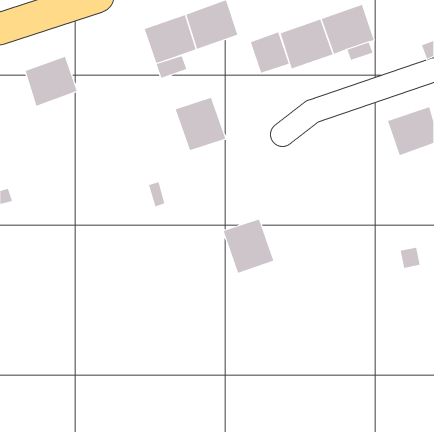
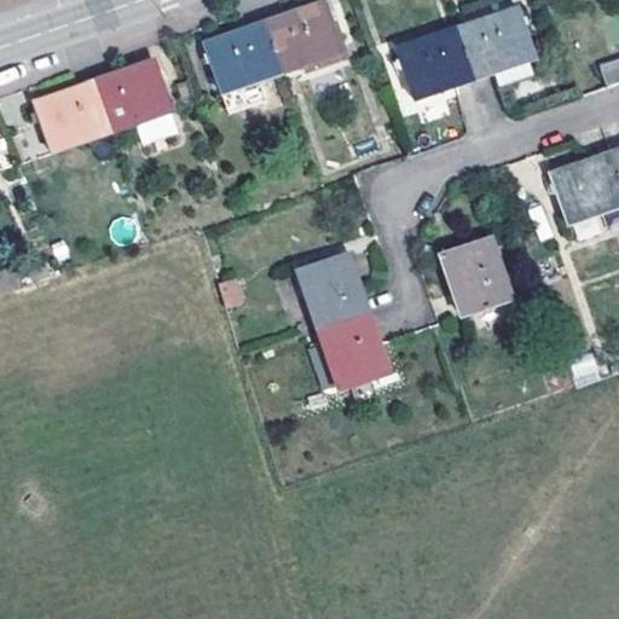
building: [250,32,290,74] -> none
building: none -> [93,59,175,143]
building: [175,97,226,151] -> [296,251,369,328]
building: none -> [440,236,511,313]

